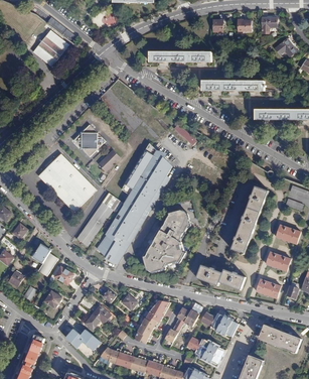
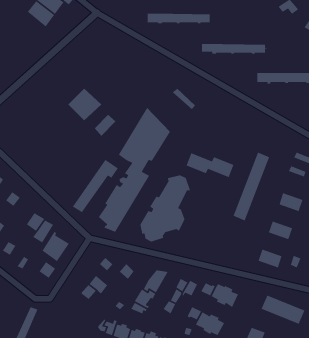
building: [37,153,95,212] -> none
building: [195,264,243,289] -> [185,152,234,178]
building: [65,329,100,350] -> none

